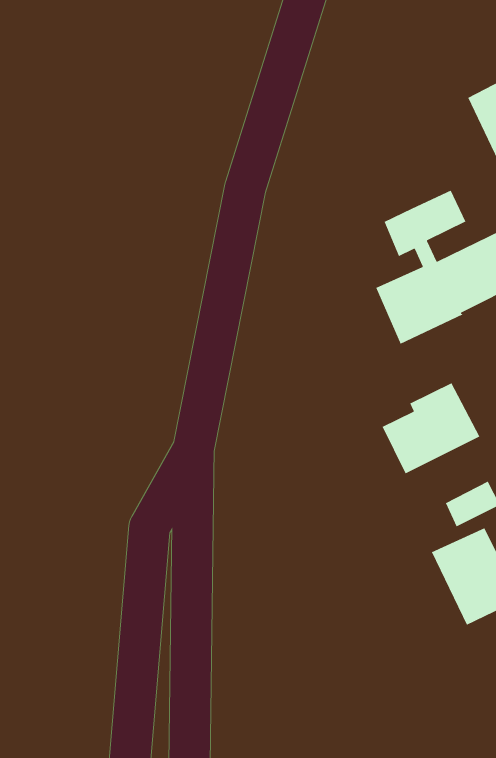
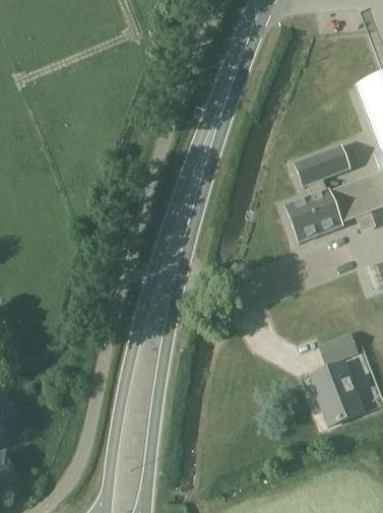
building: [381,382,481,475] -> none

